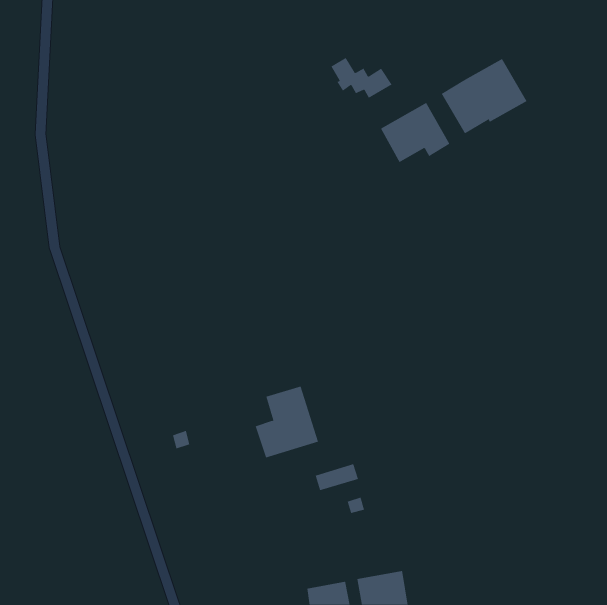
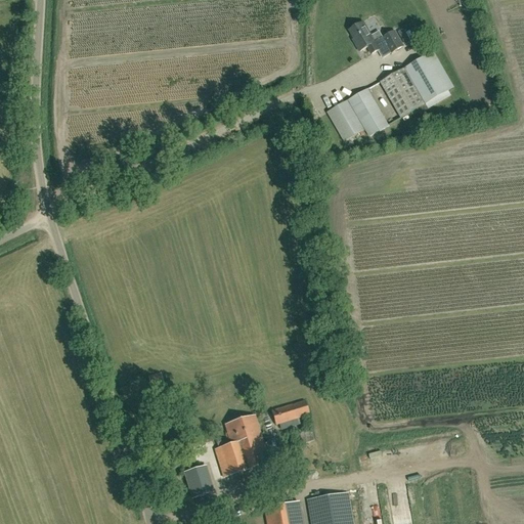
building: [331,57,392,99] -> [350,20,403,56]
building: [255,386,319,458] -> [215,413,270,476]
building: none -> [184,465,213,497]

